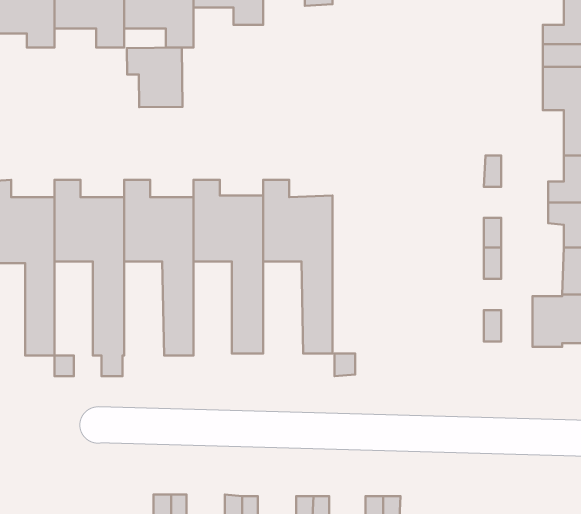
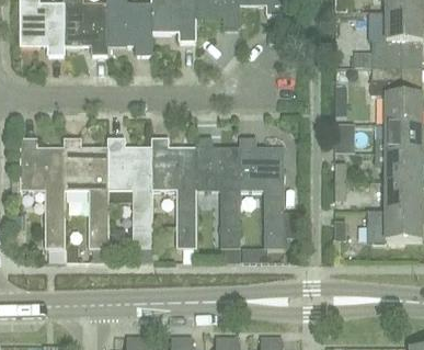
building: [127,48,183,107] -> none
building: none -> [240,137,284,247]

